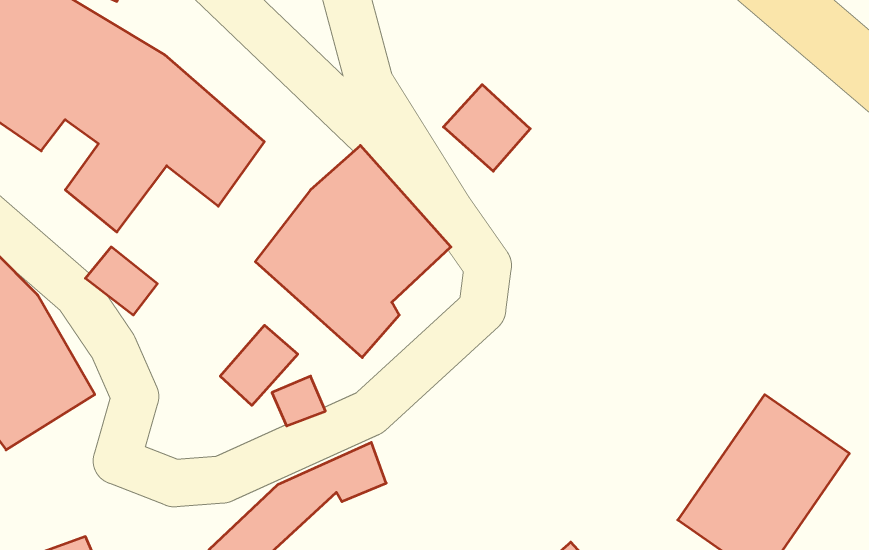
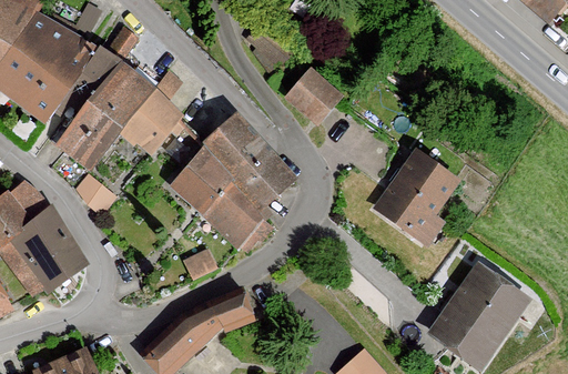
building: none -> [379,153,460,243]
building: [220,325,298,405] -> none

